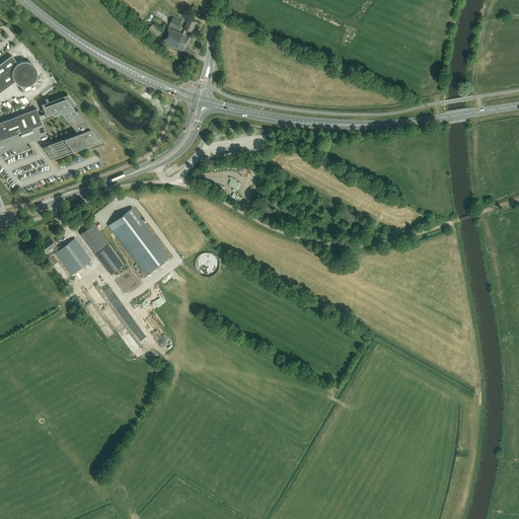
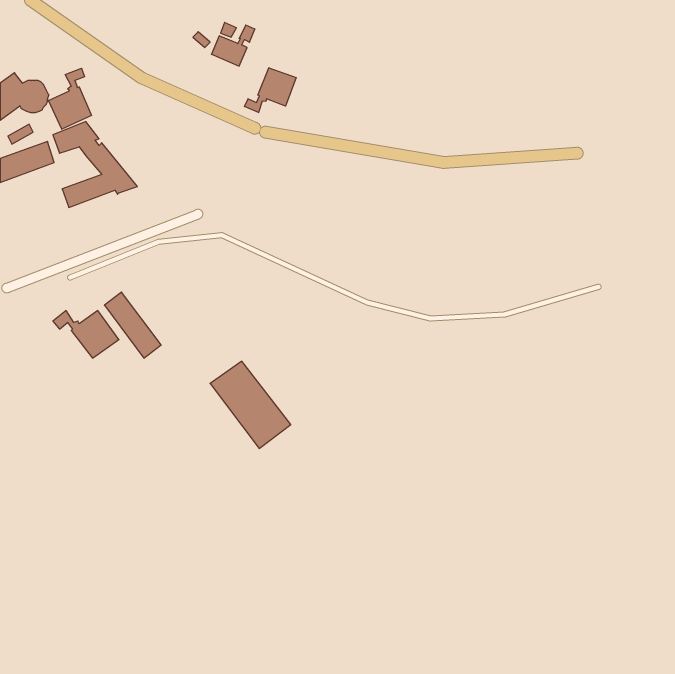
building: none -> [245,68,296,113]
building: none -> [48,68,92,129]
building: [107,207,169,274] -> [210,361,291,448]

